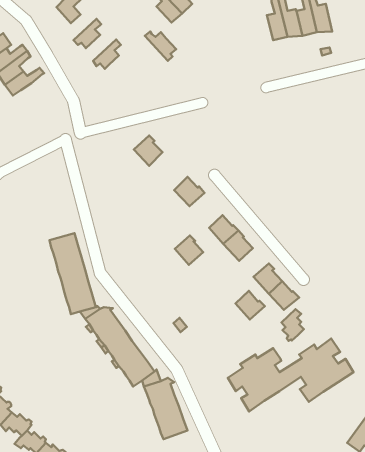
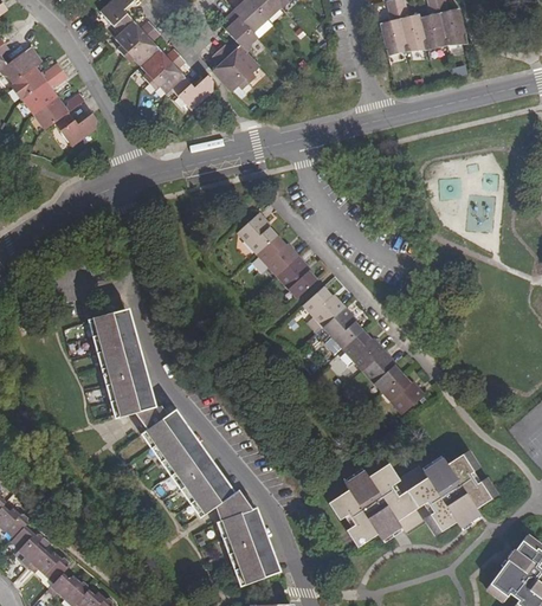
building: none -> [220,9,259,52]
building: none -> [116,19,155,54]
building: none -> [141,47,181,82]
building: none -> [213,49,250,90]
building: none -> [172,75,214,109]
building: none -> [54,111,97,144]
building: [134,135,163,166] -> [238,213,276,253]
building: [175,235,203,265] -> [278,257,316,296]
building: [236,291,265,320] -> [344,330,383,368]
building: [281,309,304,341] -> none

